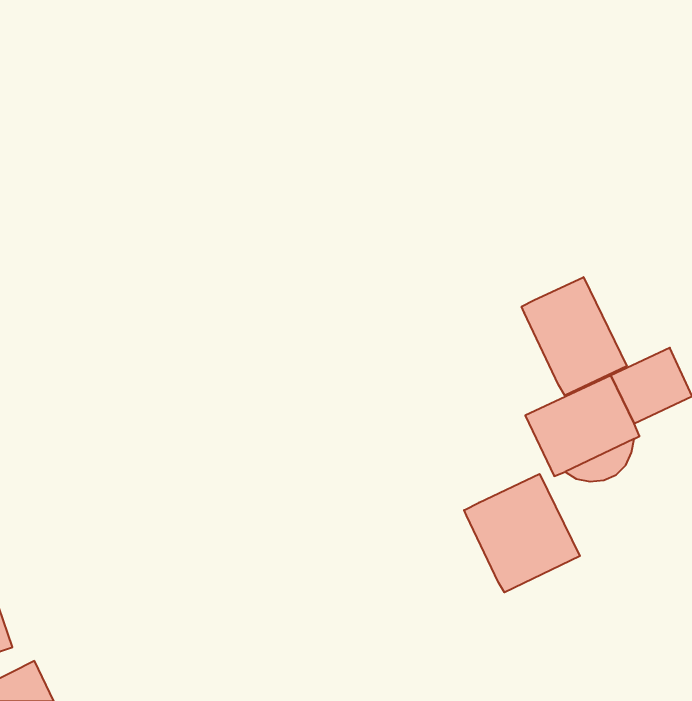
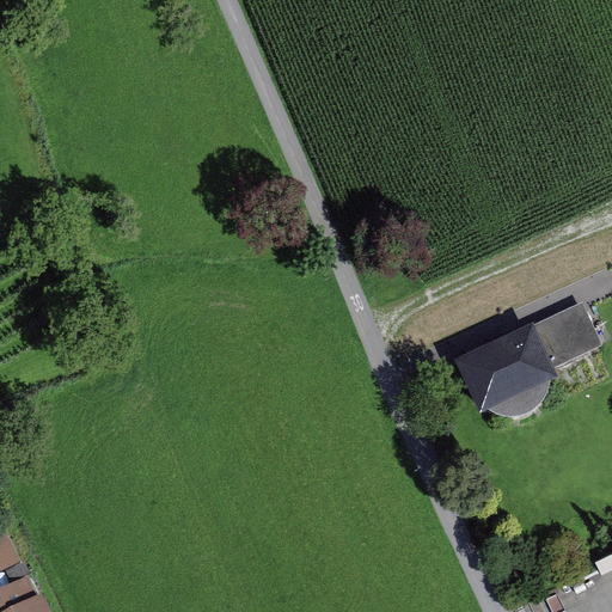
building: [522,277,627,396] -> none
building: [464,474,580,592] -> none

